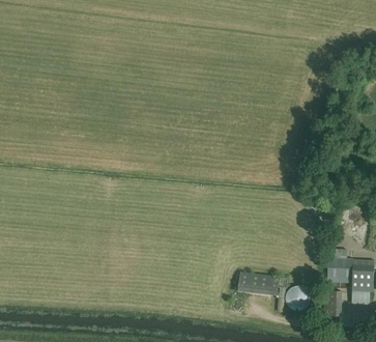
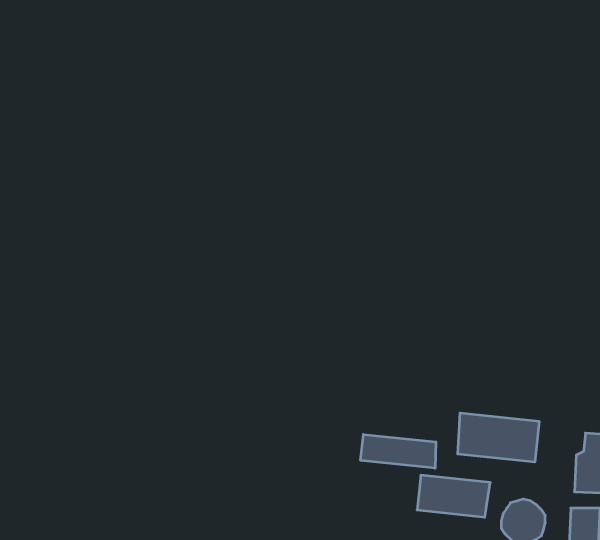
building: none -> [458,413,539,462]
building: none -> [361,434,436,468]

